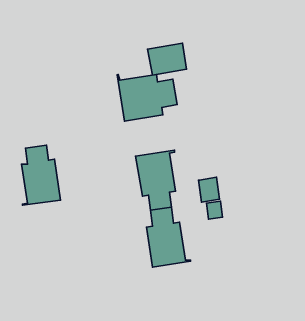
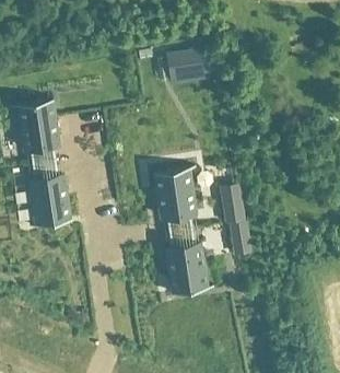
building: [117,74,177,121] -> none
building: none -> [12,100,61,164]

